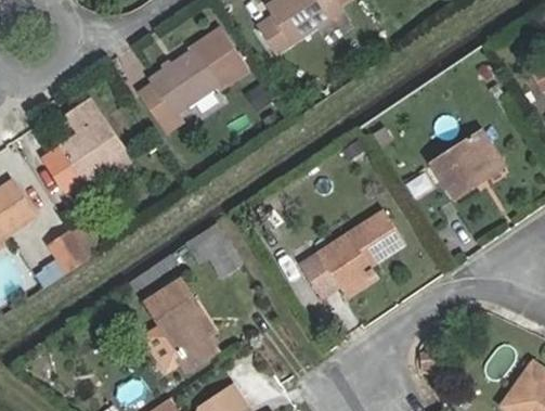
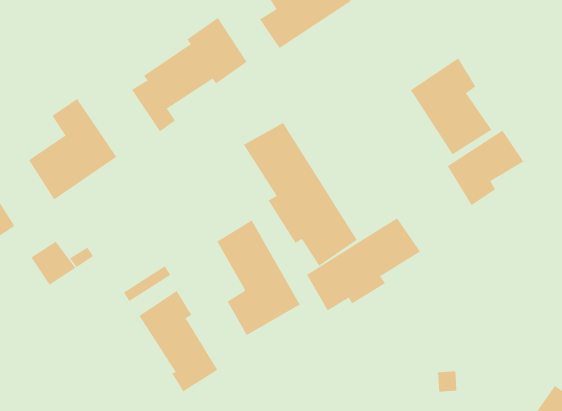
building: none -> [410,58,492,155]
building: none -> [243,122,357,267]
building: none -> [216,219,301,336]

